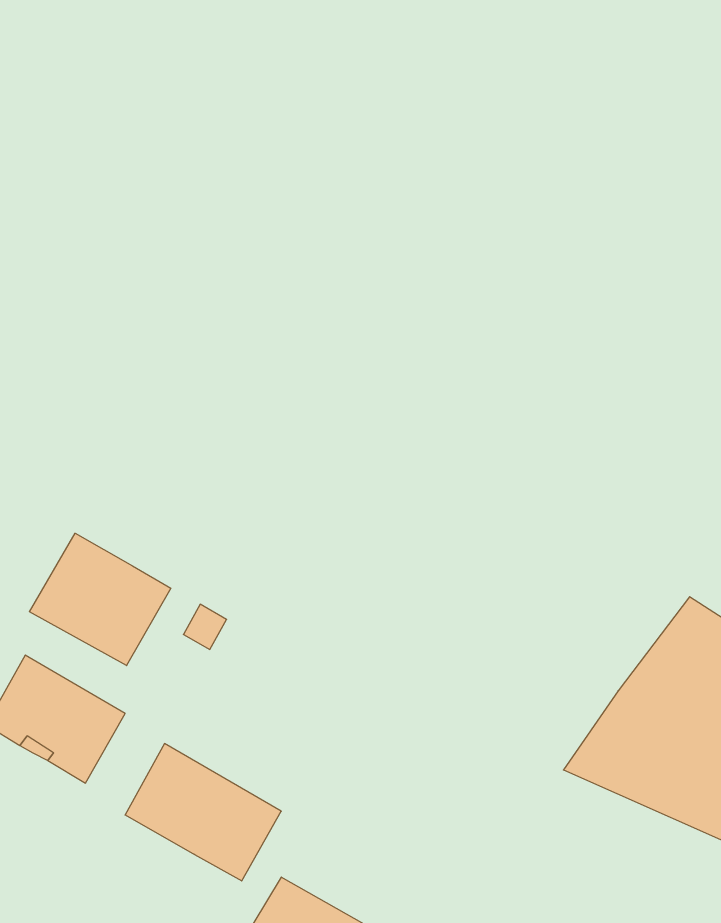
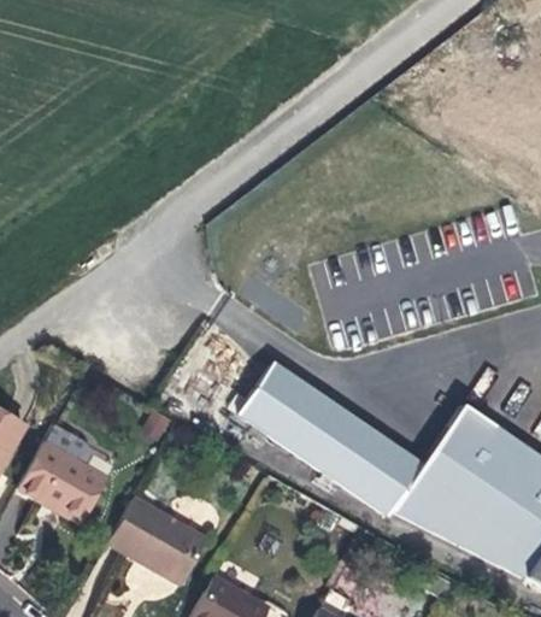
building: none -> [237,362,423,515]
building: [29,533,171,666] -> none

